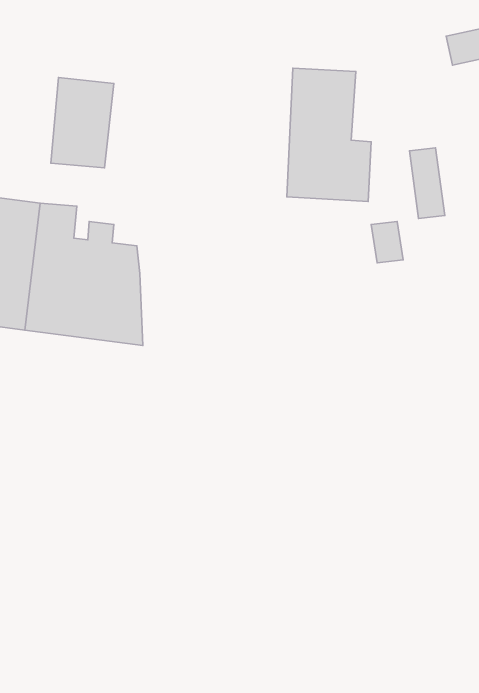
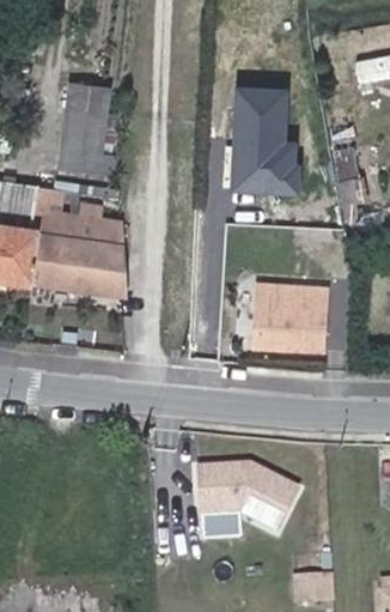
building: none -> [234,287,318,351]
building: none -> [201,462,301,532]

